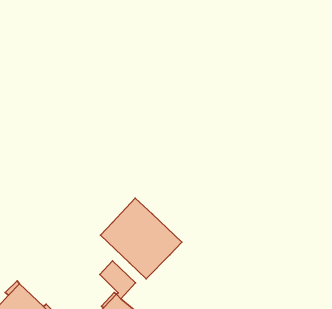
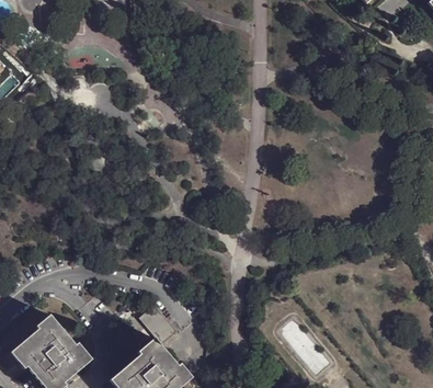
building: [100,198,182,279] -> none

